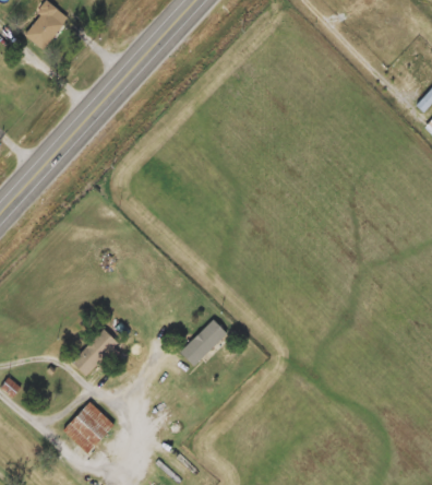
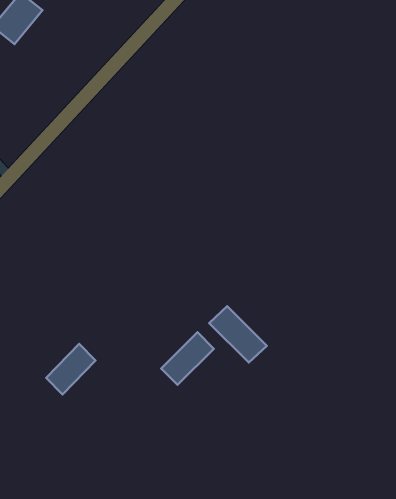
building: none -> [209,306,267,363]
building: [61,400,116,454] -> none

